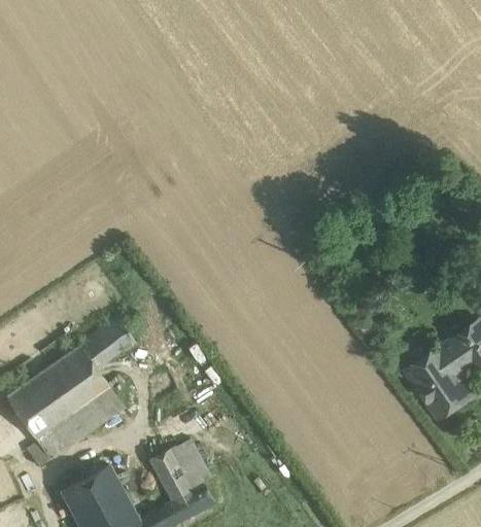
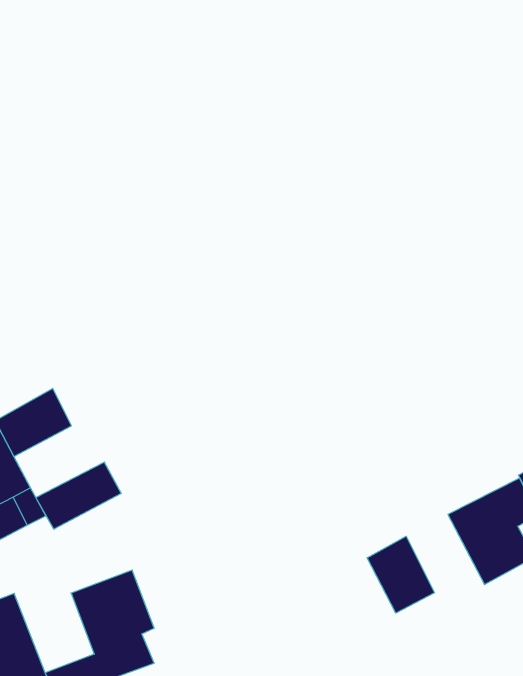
building: none -> [36,462,121,529]
building: none -> [367,536,434,613]

